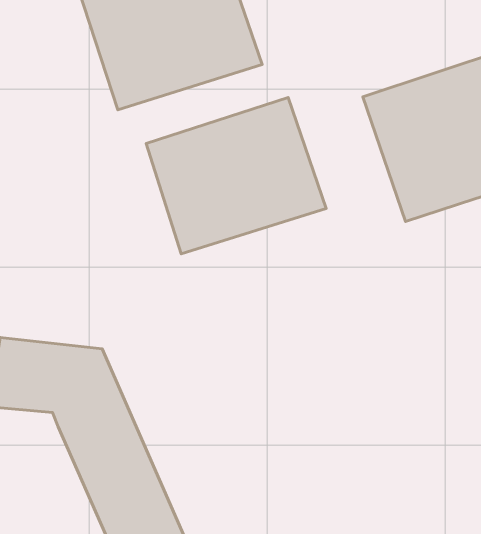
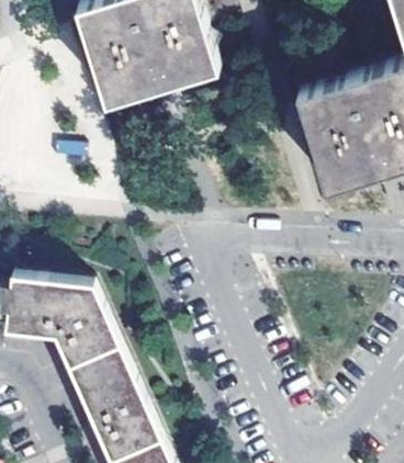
building: [146,97,326,254] -> none

